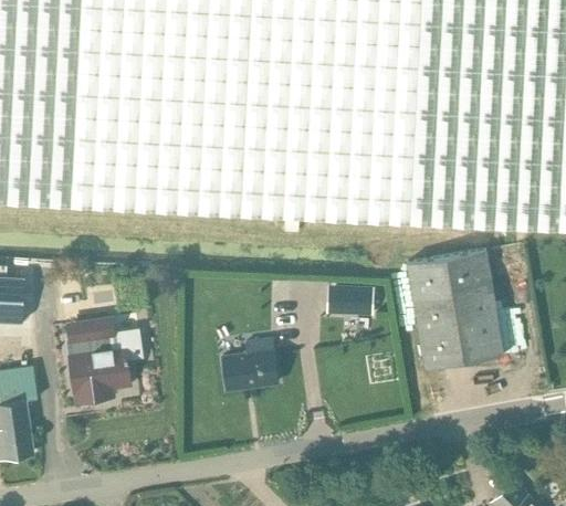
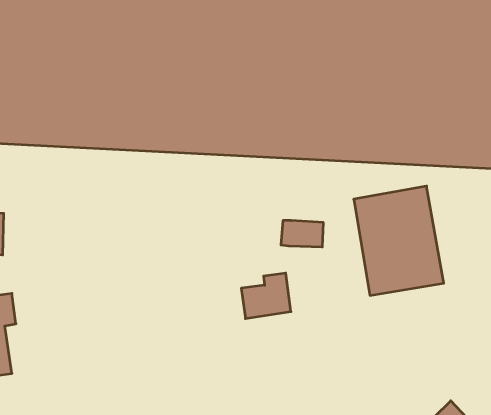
building: [65,317,143,398] -> none
building: [223,340,277,390] -> [241,273,291,319]

